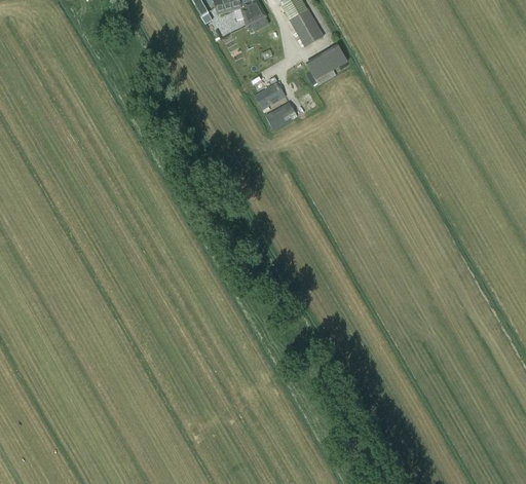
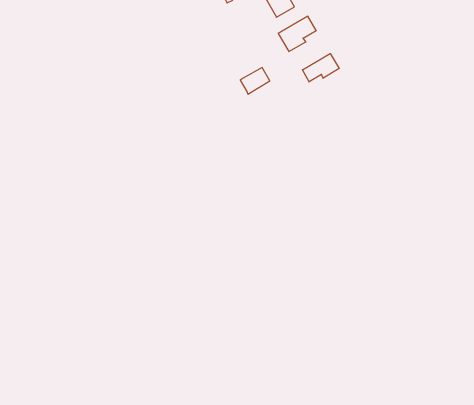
building: [254,80,286,111] -> none
building: none -> [302,54,339,82]

